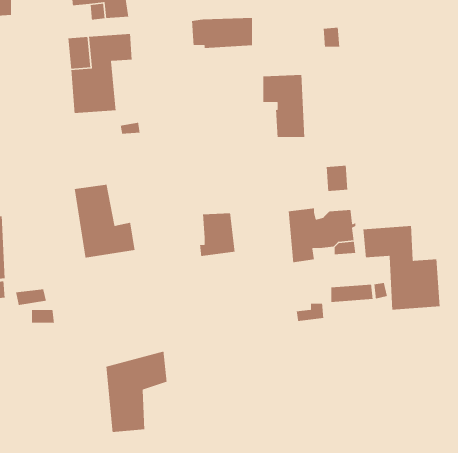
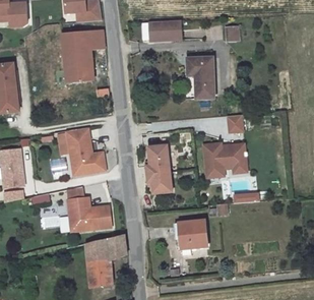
building: [363,225,441,311] -> none
building: none -> [147,171,172,193]
building: none -> [67,197,112,235]
building: none -> [179,220,207,254]

